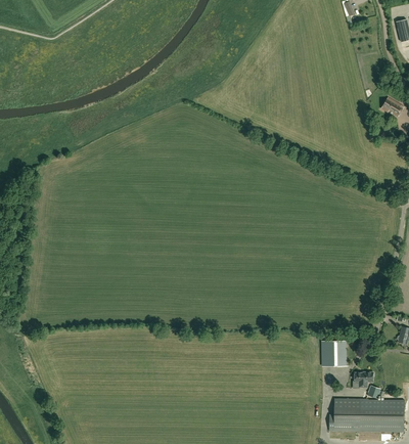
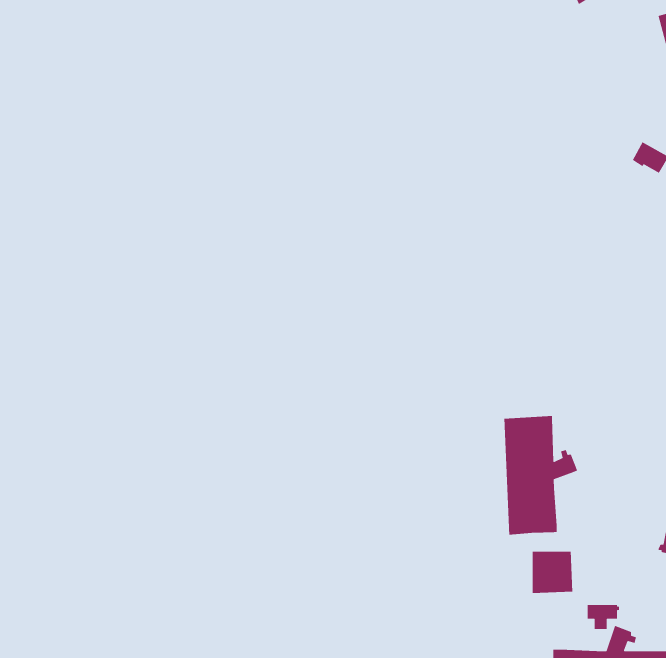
building: none -> [504,415,578,536]

